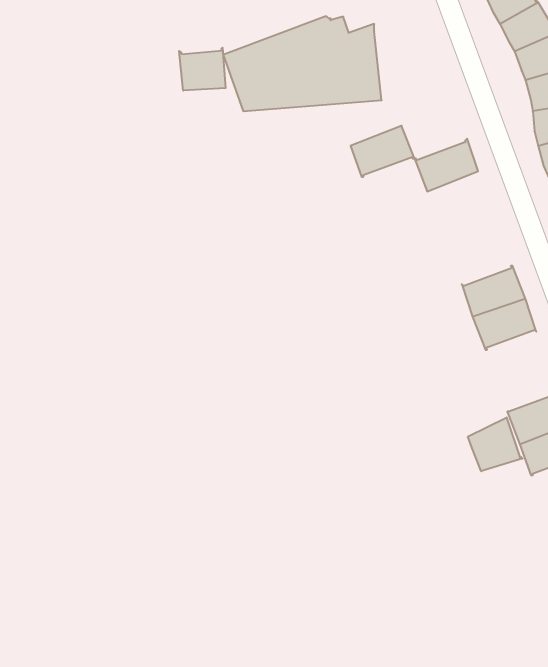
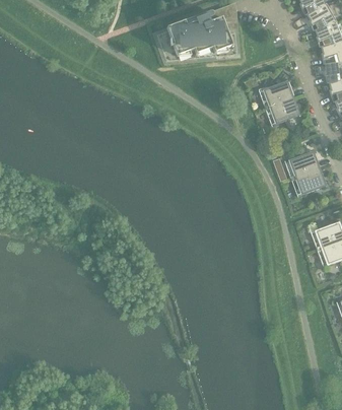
building: [179,48,226,91] -> none
building: [351,126,414,177] -> [264,96,299,125]
building: [468,417,523,471] -> none

